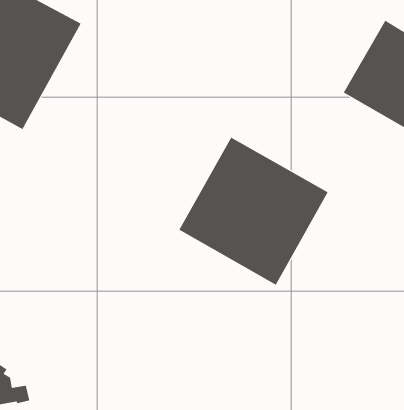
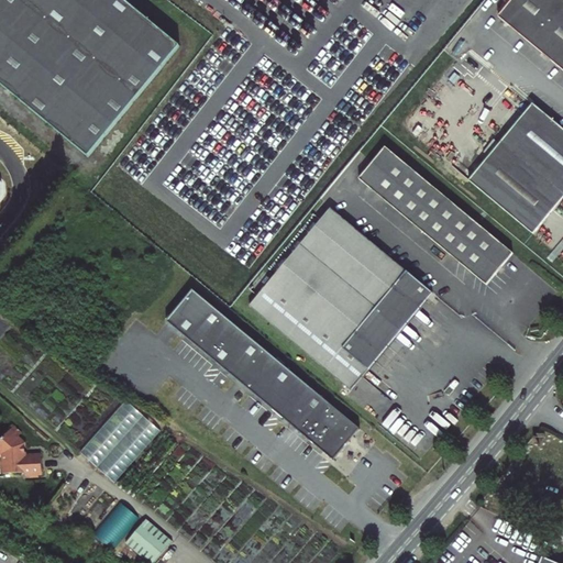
building: none -> [358,144,512,282]
building: none -> [166,289,358,455]
building: none -> [77,399,158,483]

